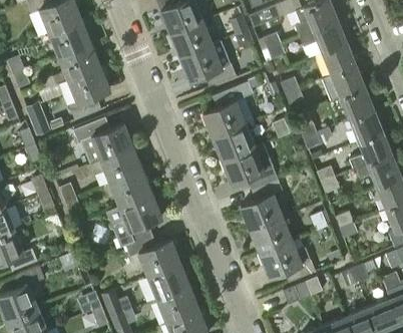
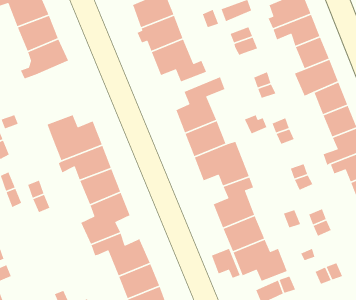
building: [68,66,110,118] -> none
building: none -> [211,248,241,279]

